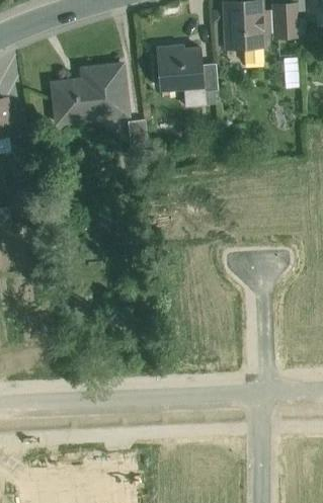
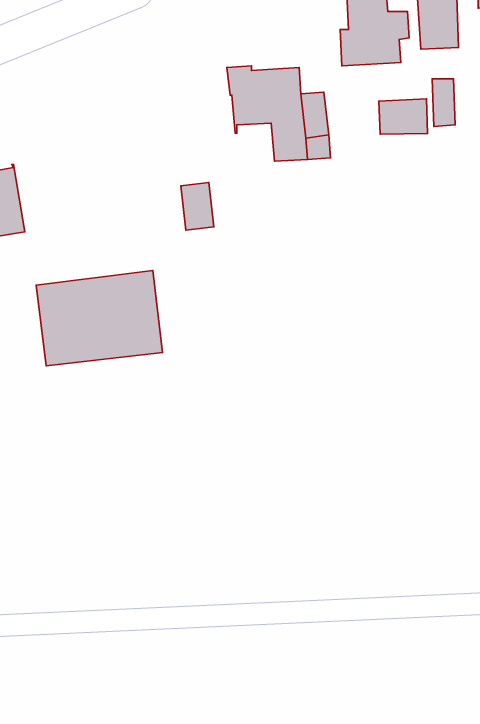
building: [50,64,128,122] -> [36,270,163,366]
building: none -> [379,99,428,134]

